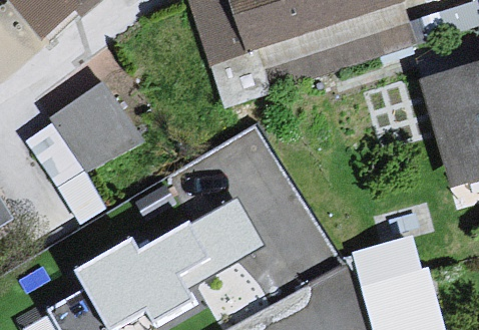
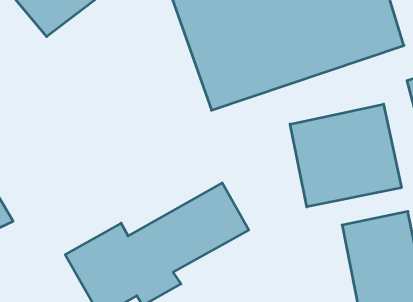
building: [26,73,145,212] -> none
building: none -> [290,104,401,207]

